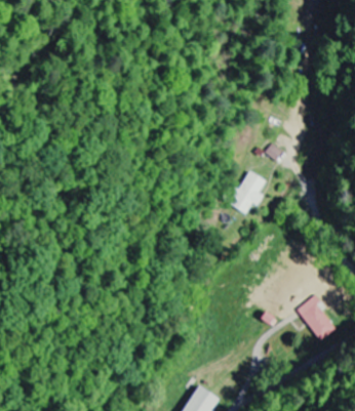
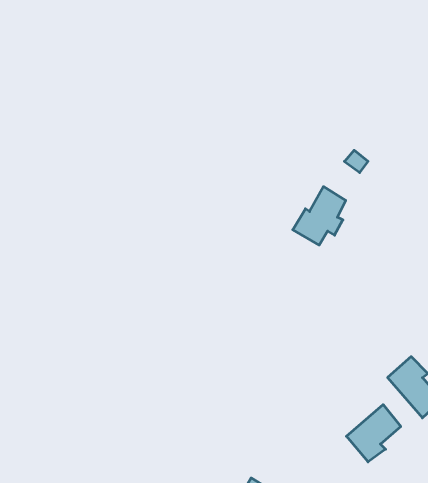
building: none -> [346,405,401,462]

